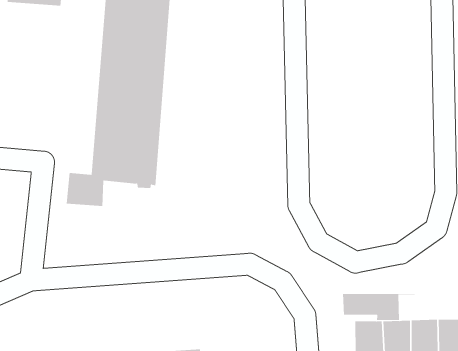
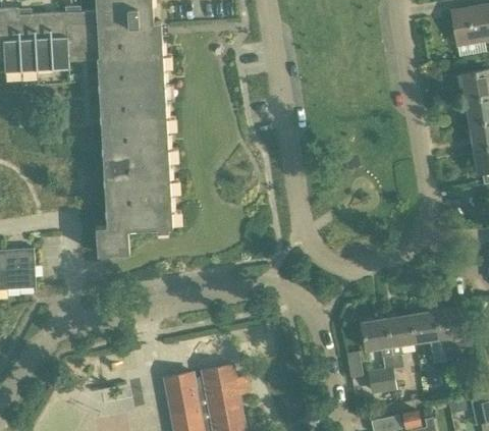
building: [342,293,416,321] -> none

